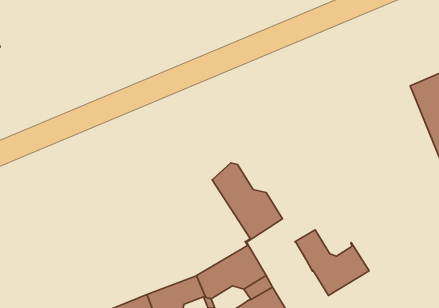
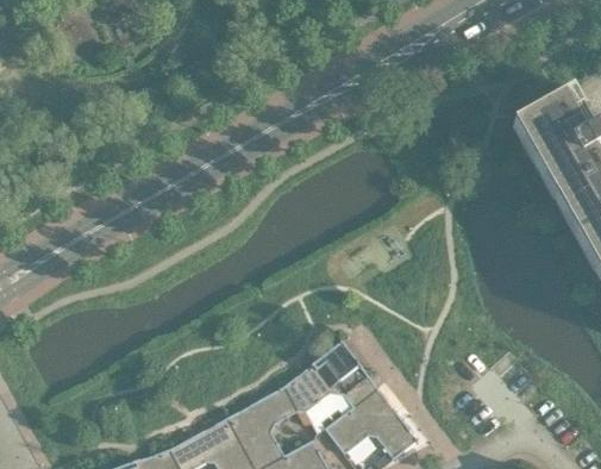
building: [212,163,283,242] -> none
building: [295,230,369,295] -> none

